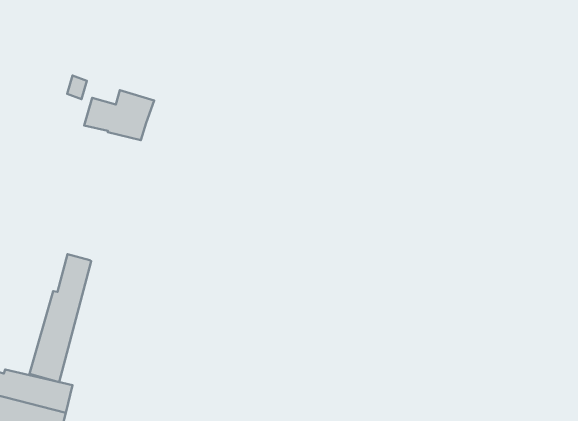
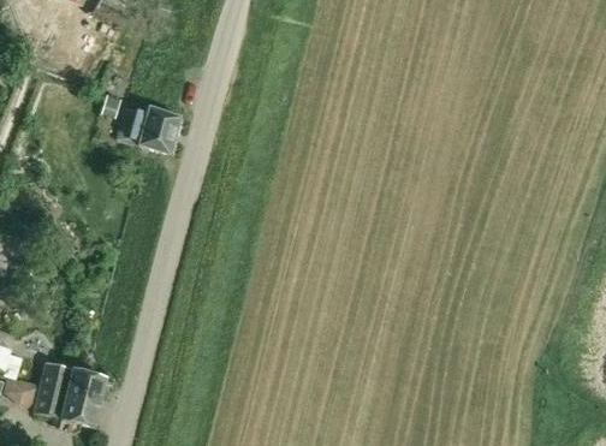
building: [29,254,91,382] -> none

